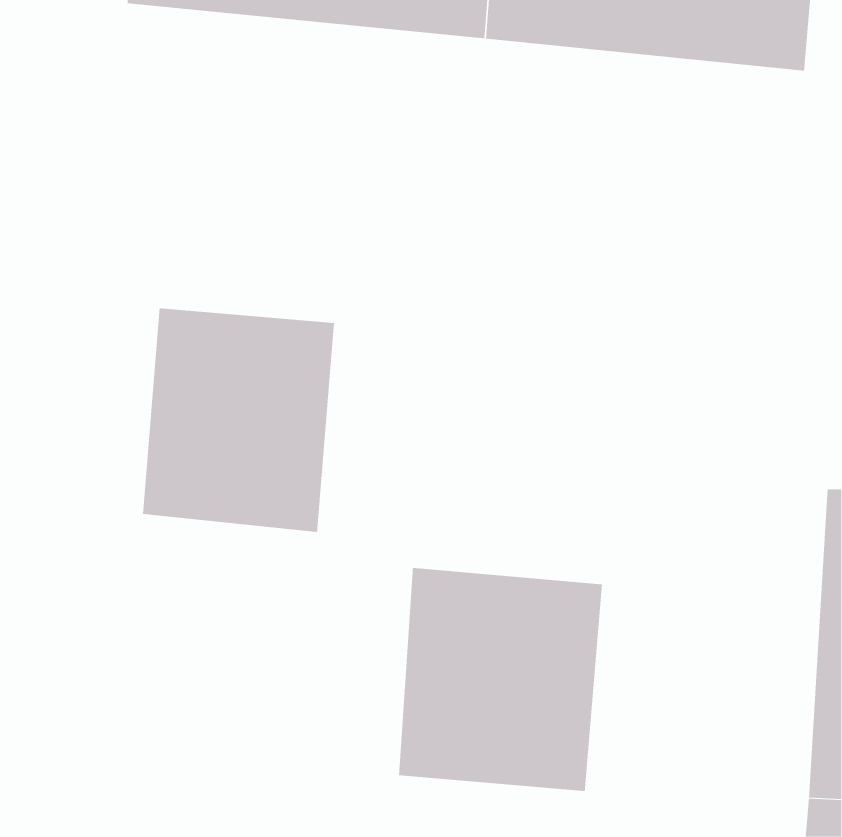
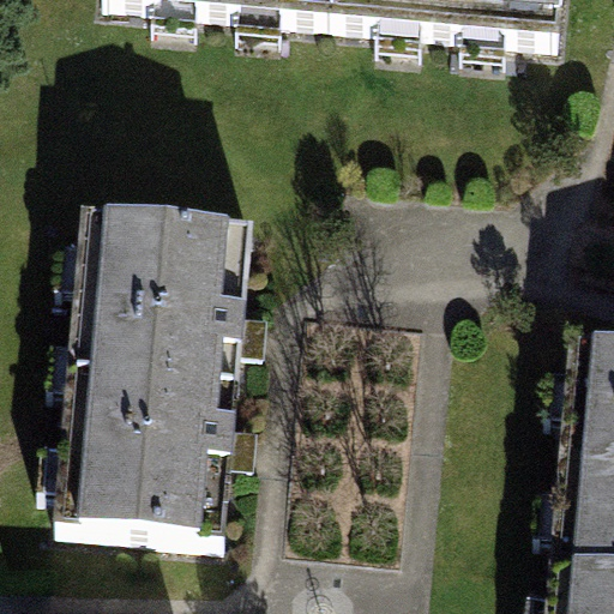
building: none -> [88,365,225,528]
building: [398,567,602,792] -> none

